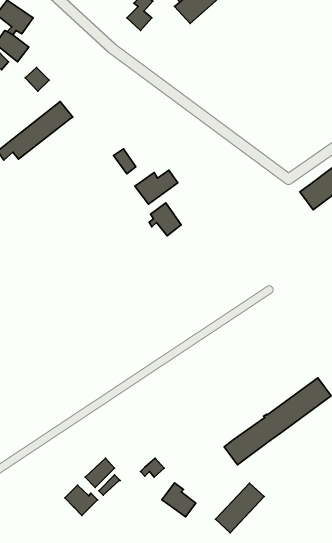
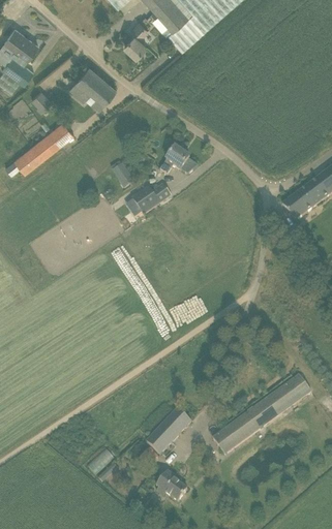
building: none -> [67,67,114,104]
building: none -> [158,148,188,175]
building: [149,203,181,236] -> none
building: [216,483,264,533] -> [145,409,189,455]
building: [65,485,98,515] -> none

